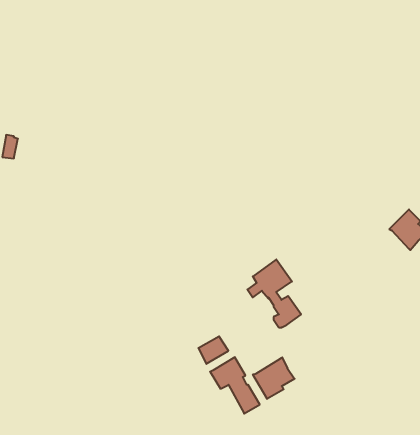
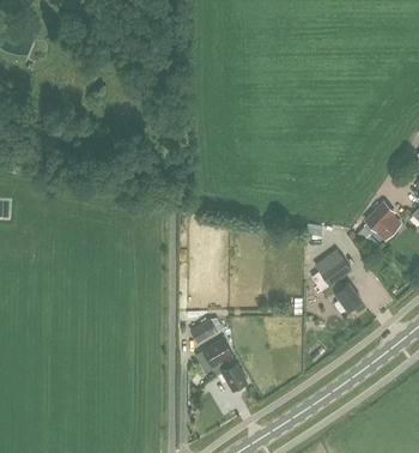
building: [247,259,301,327] -> [310,248,359,310]
building: [253,357,295,399] -> none

